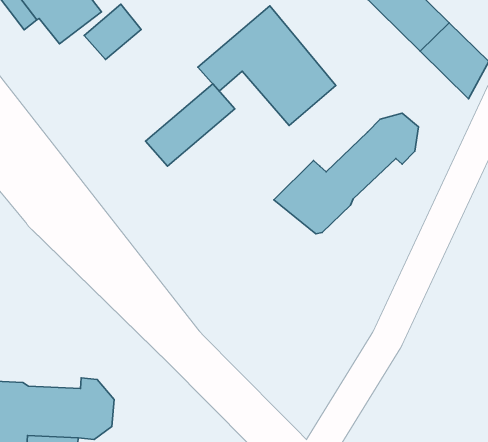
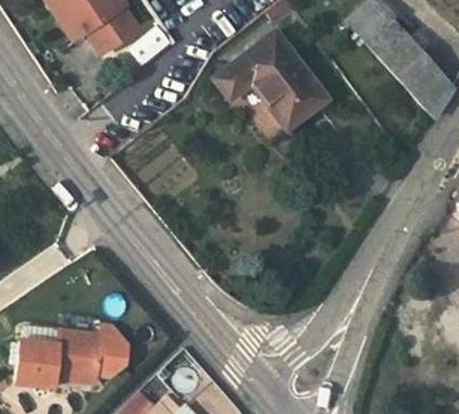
building: [146,84,235,166] -> none
building: [274,113,418,234] -> none

